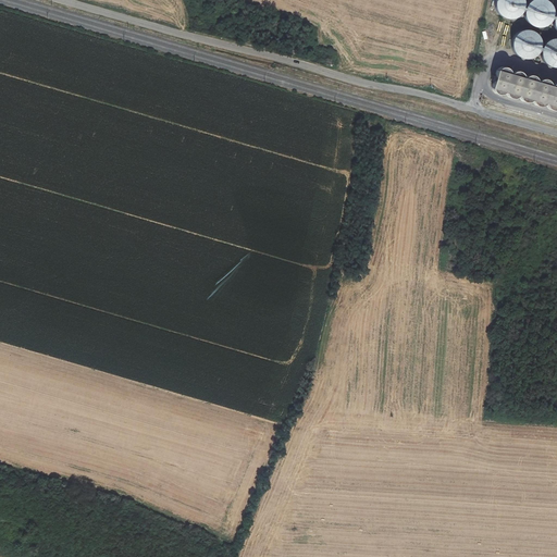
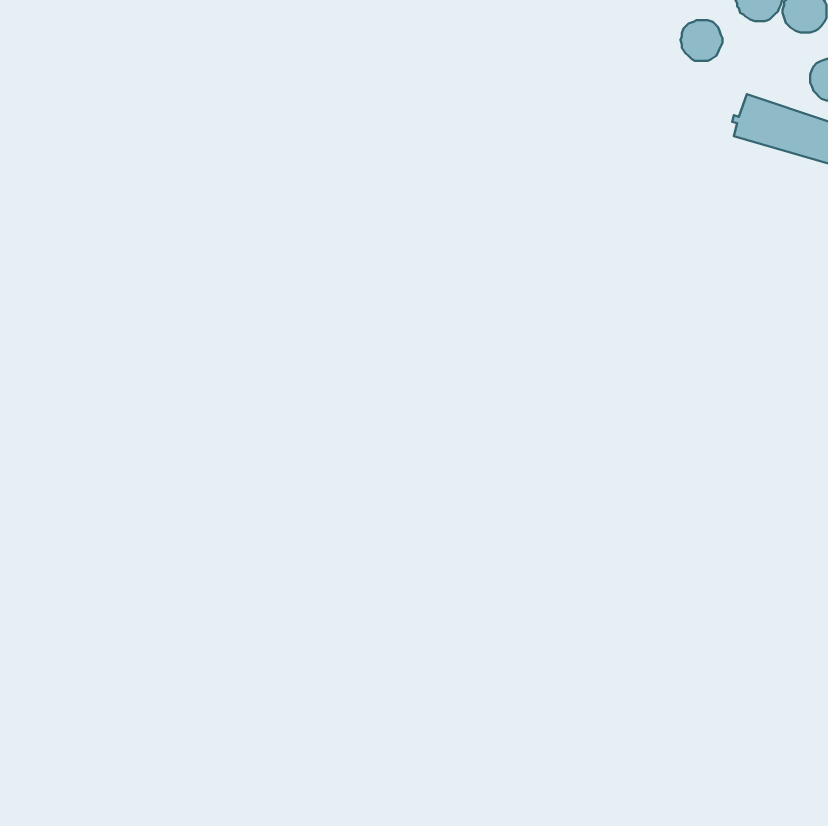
building: [515,32,543,59] -> [680,20,723,61]

